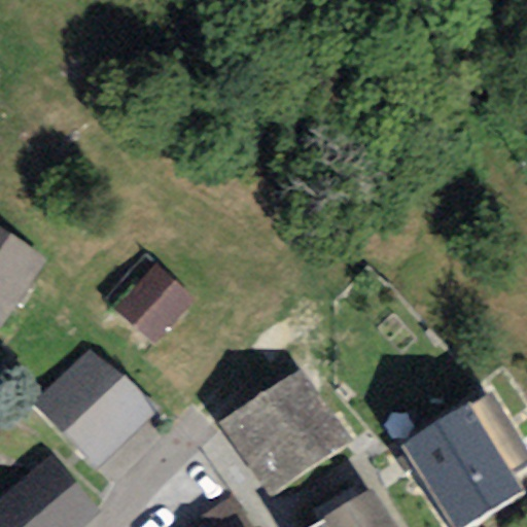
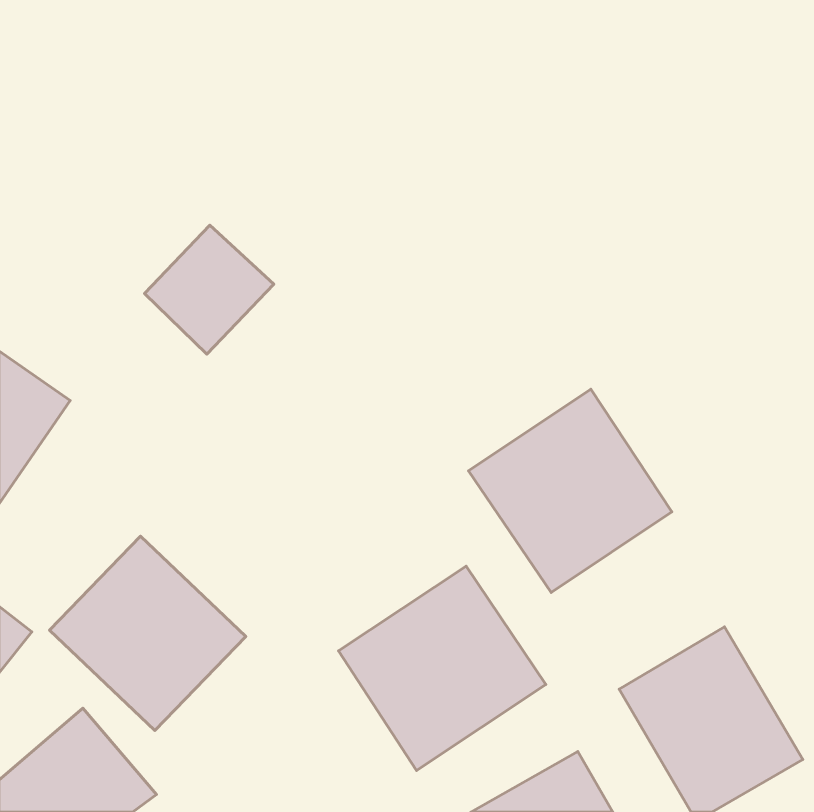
building: none -> [468,389,672,593]
building: [111,262,195,346] -> [144,225,274,354]

